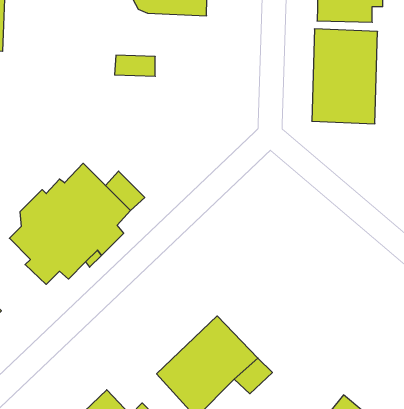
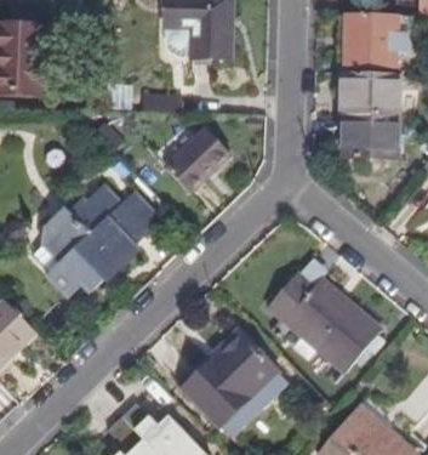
building: none -> [162,129,229,194]
building: none -> [267,277,378,374]

